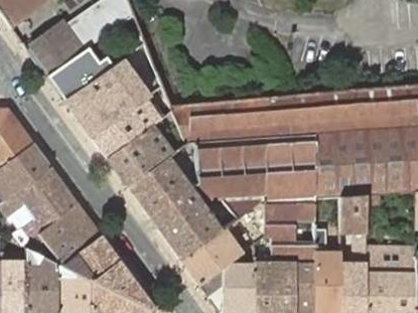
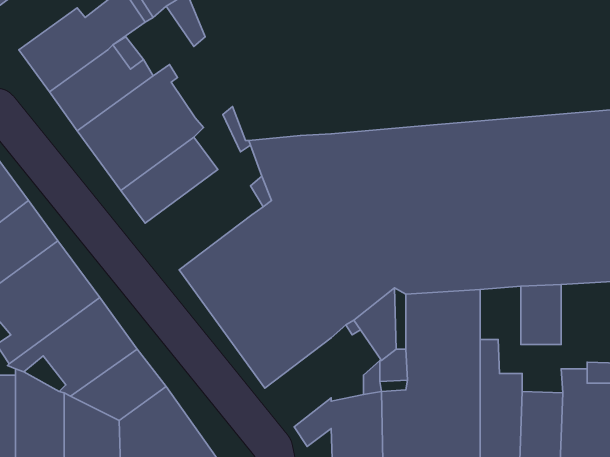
building: [107,124,173,186] -> none
building: [181,228,241,284] -> none

